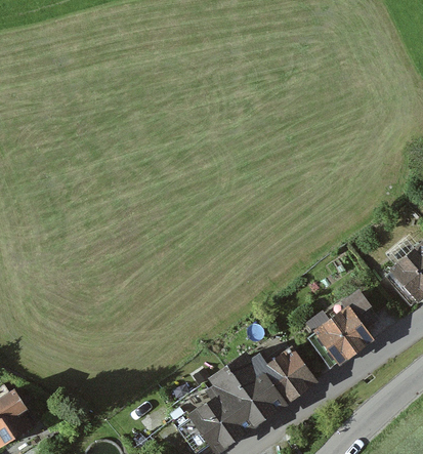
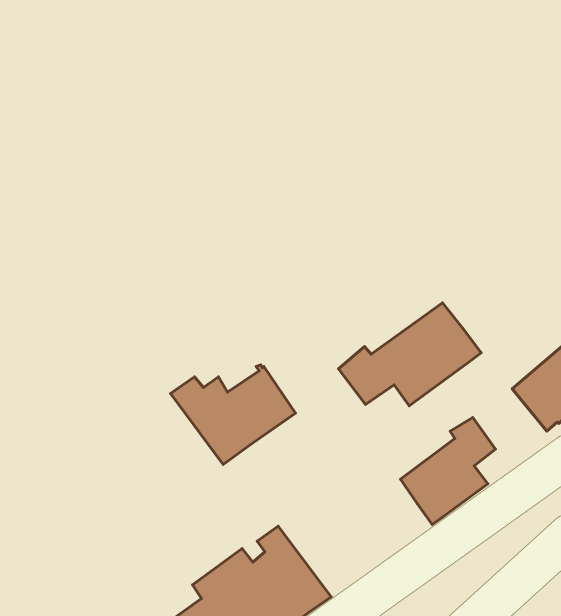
building: none -> [339,303,481,406]
building: [228,348,313,416] -> [170,365,296,464]

